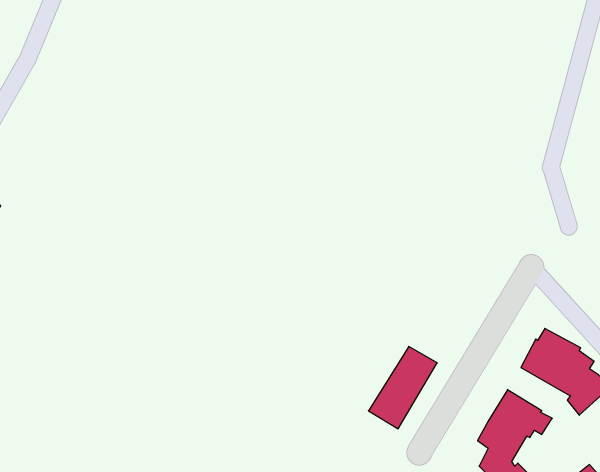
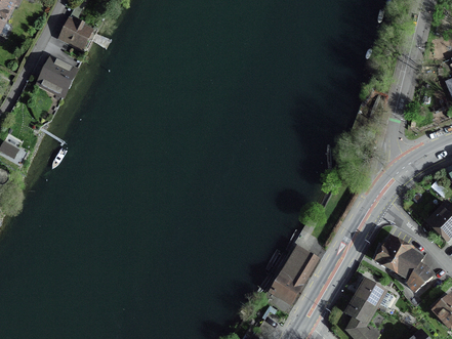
building: none -> [59,19,91,49]
building: none -> [38,57,76,96]

